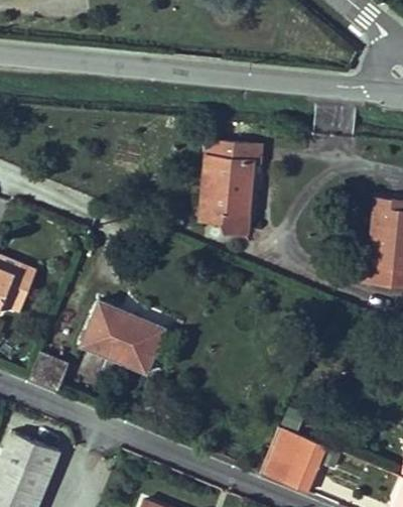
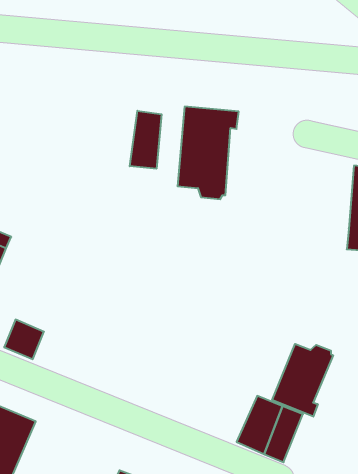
building: none -> [130,111,162,169]
building: [81,300,165,372] -> none
building: none -> [272,344,333,417]

